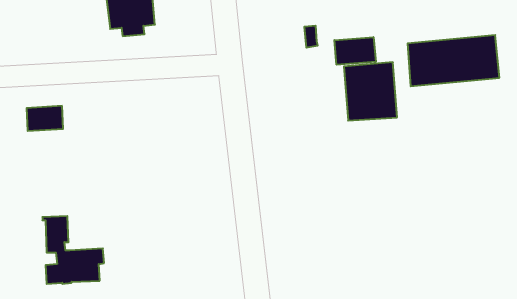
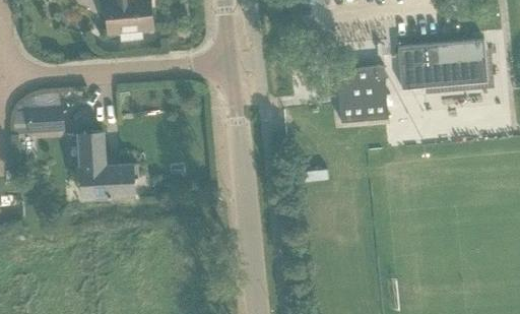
building: [334,37,376,65] -> none
building: [42,216,104,284] -> [78,132,138,198]

